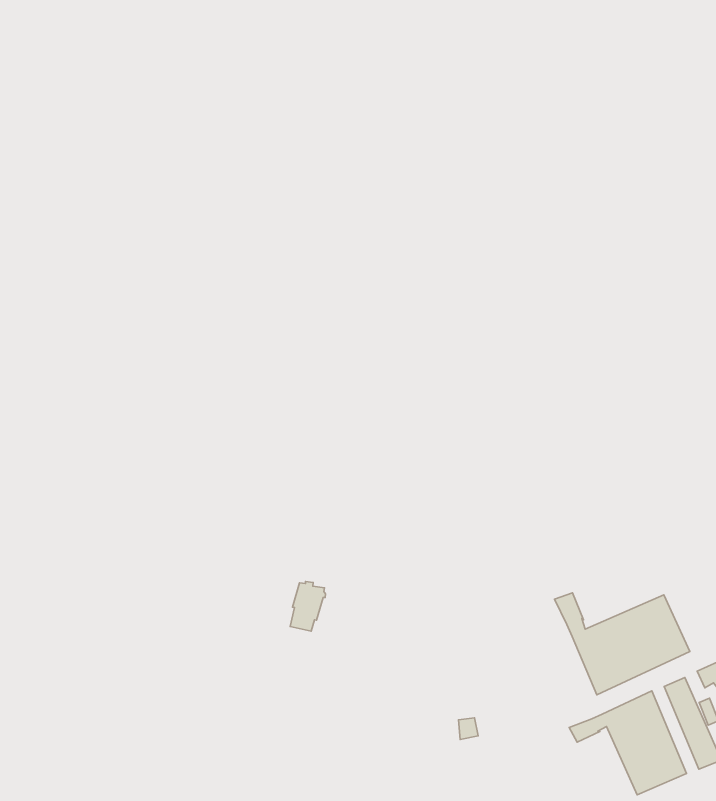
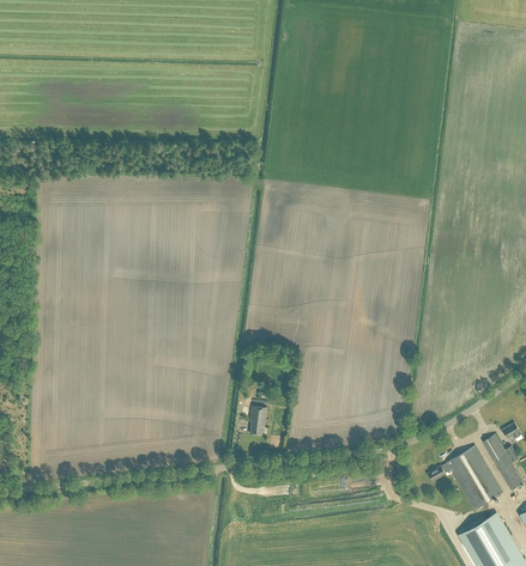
building: [554,593,690,695] -> none

